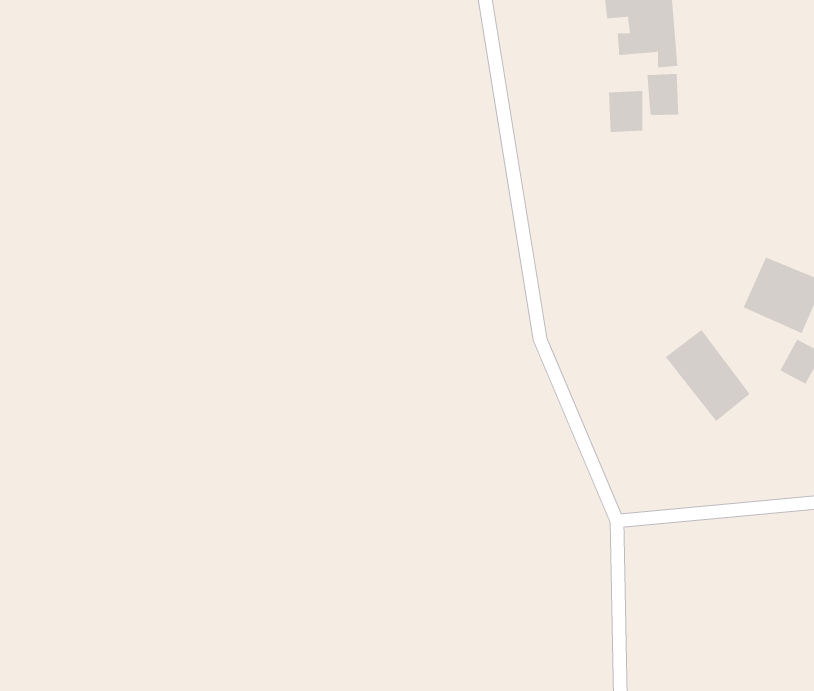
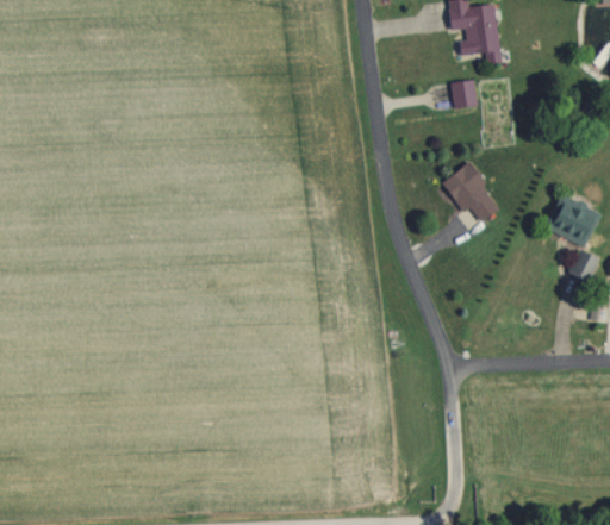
building: [647,73,679,116] -> none
building: [665,329,751,422] -> [443,163,502,226]

